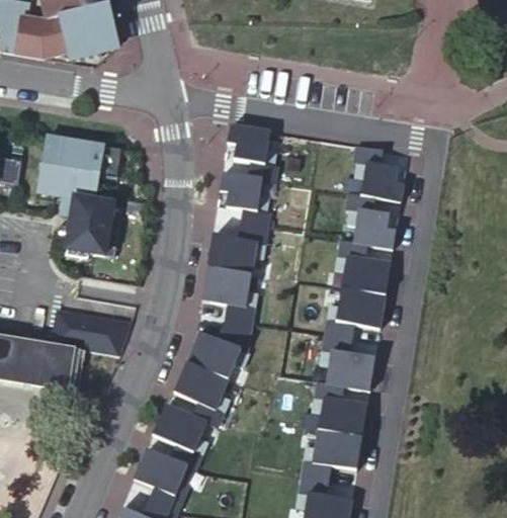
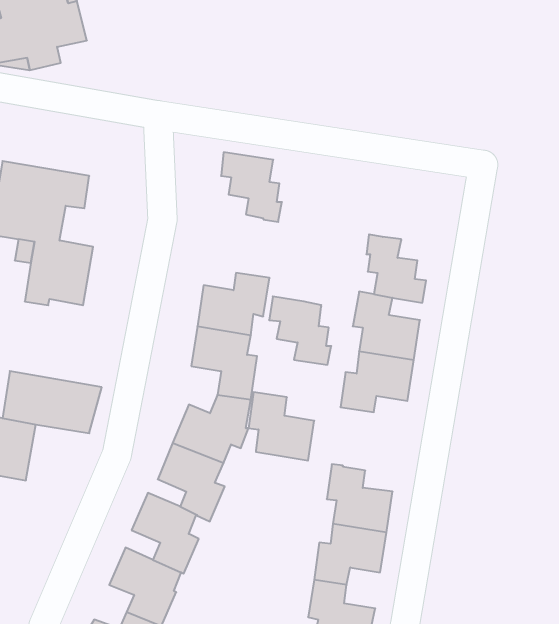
building: [352,147,401,202] -> none
building: [219,173,269,229] -> [269,296,331,365]
building: [320,334,373,390] -> [248,392,314,461]

